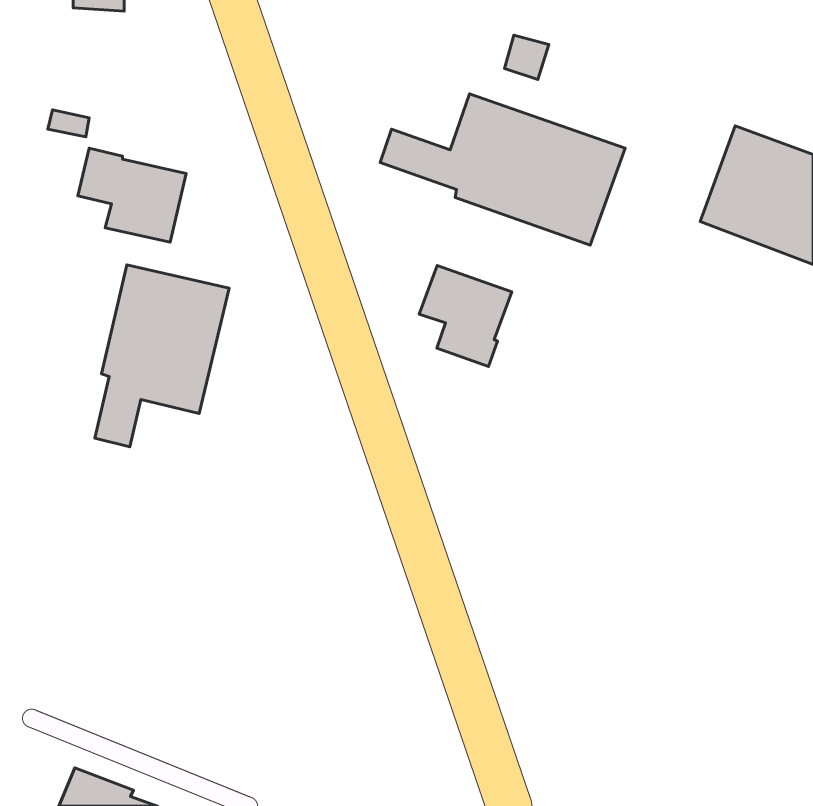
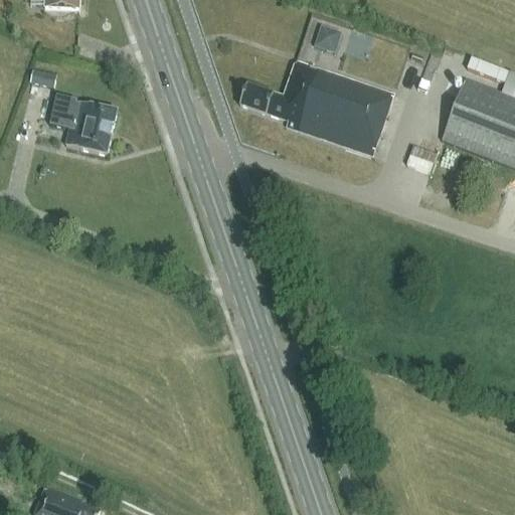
building: [95,265,229,447] -> none
building: [419,265,512,366] -> none

